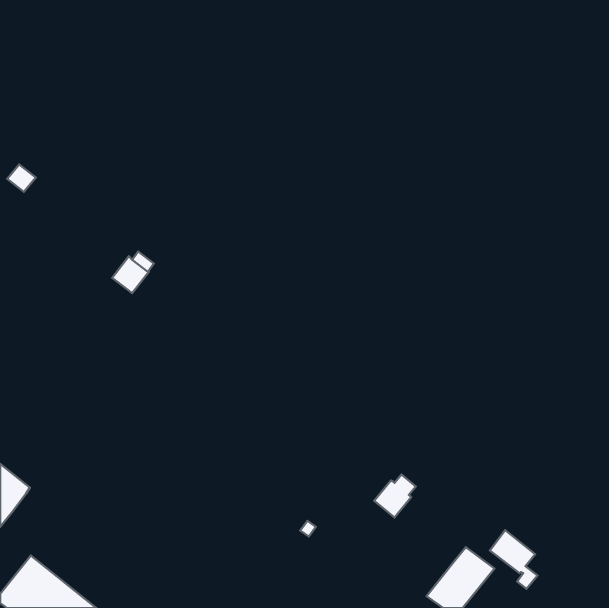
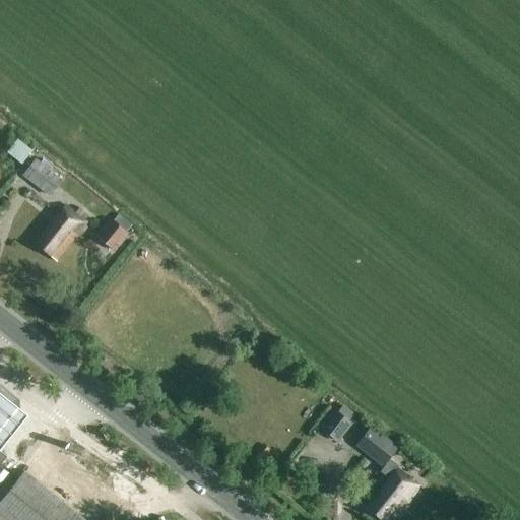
building: none -> [22,158,61,195]
building: none -> [32,204,87,262]
building: [490,530,537,589] -> [356,428,397,477]

